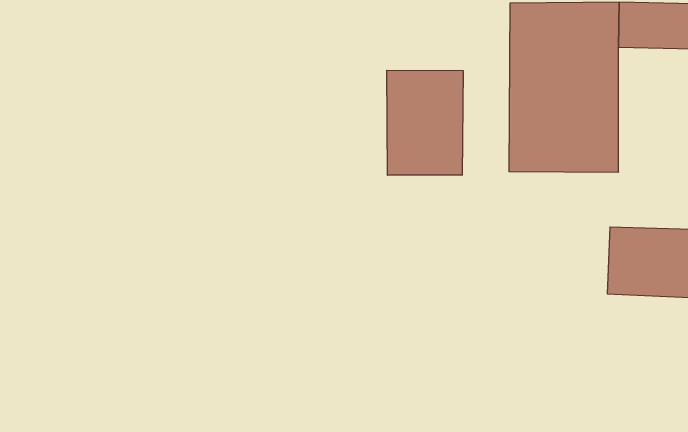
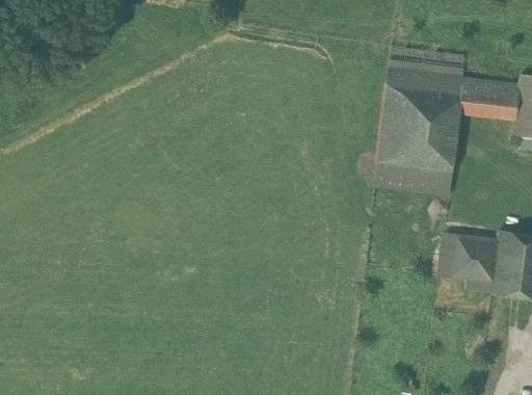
building: [387,70,463,175] -> none

